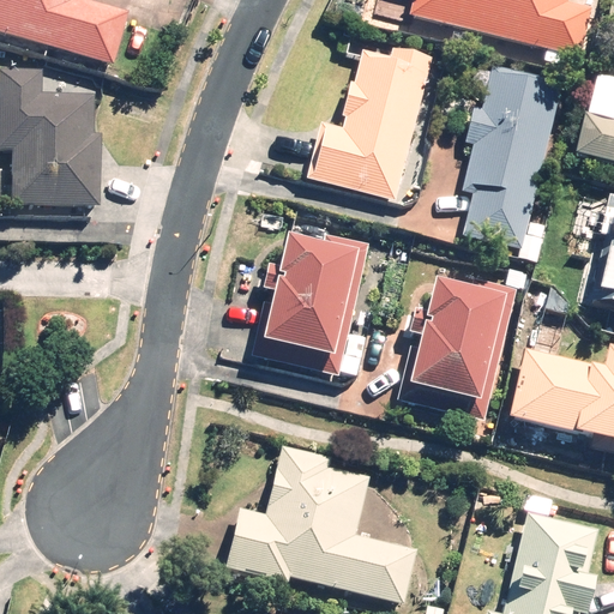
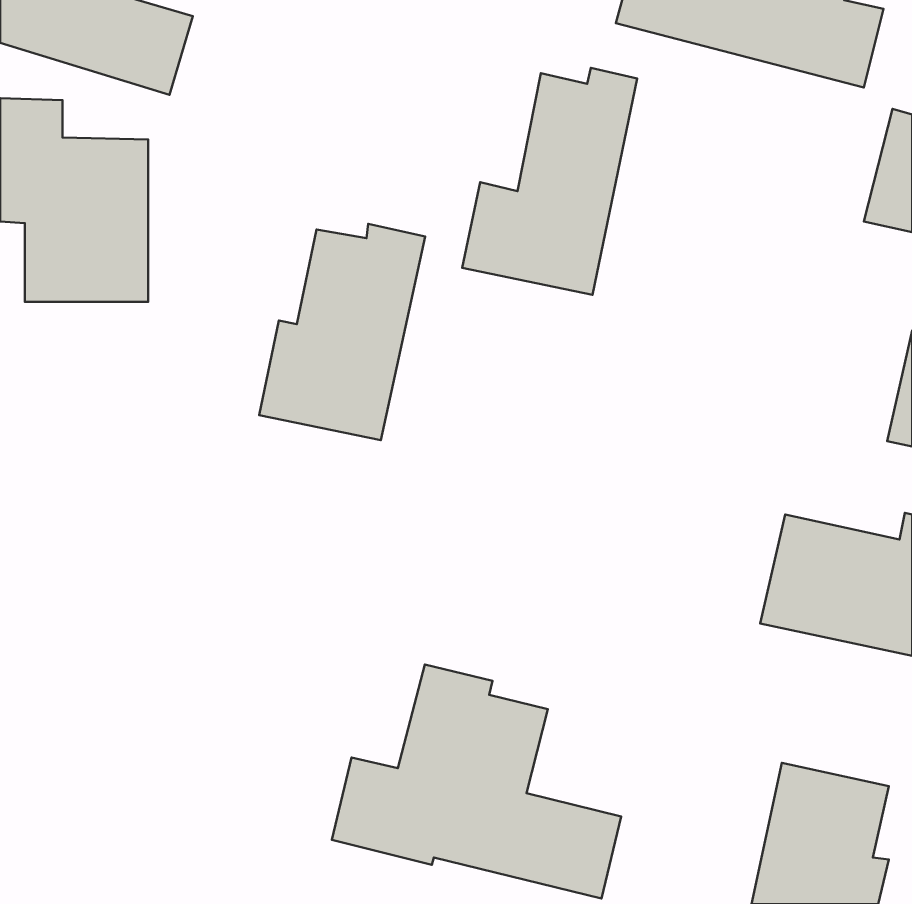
building: [464,65,561,258] -> none
building: [253,233,365,378] -> [259,224,425,440]
building: [398,277,517,422] -> none

